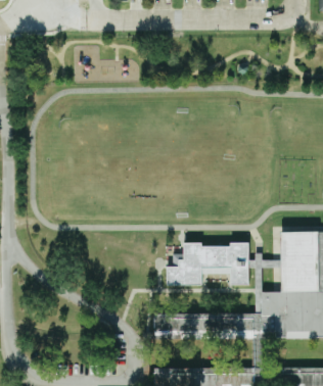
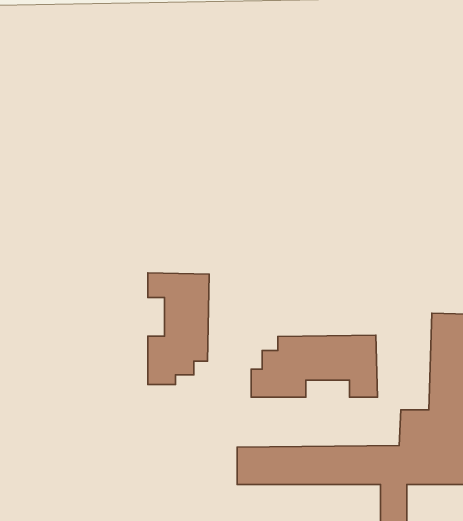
building: none -> [148,273,209,385]

